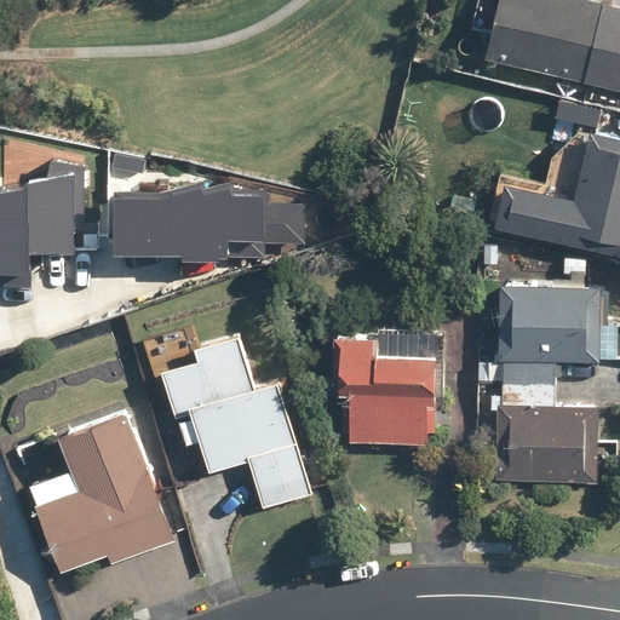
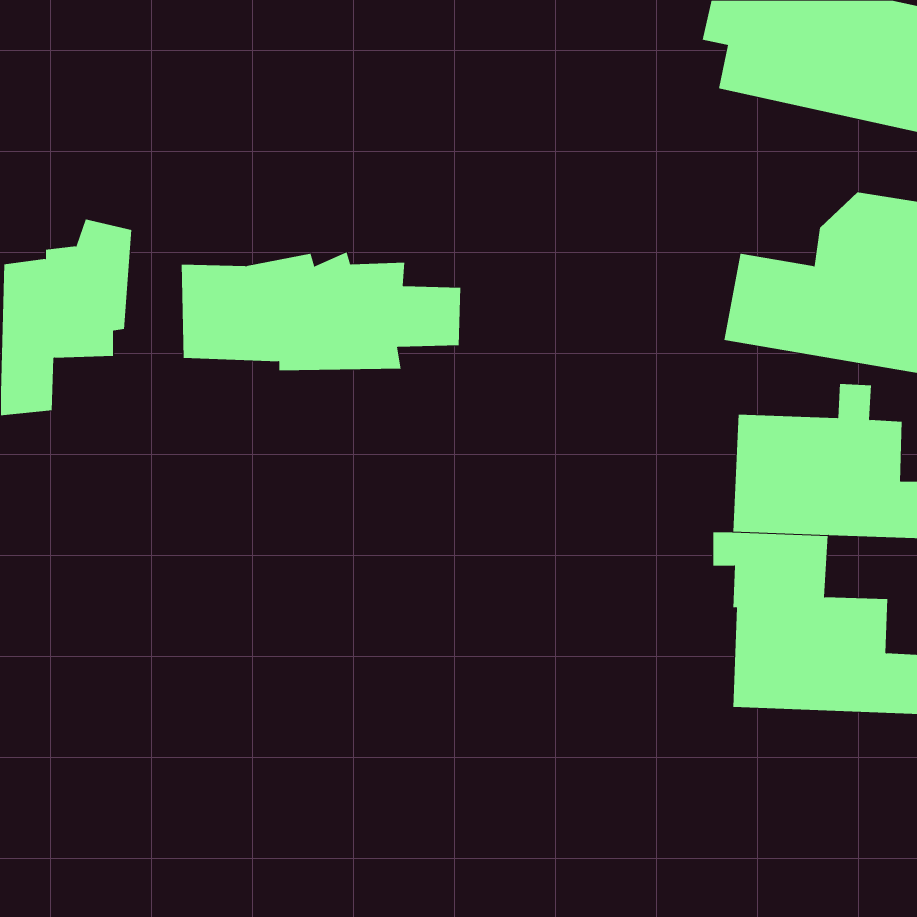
building: [328,331,440,446] -> none
building: [157,335,315,512] -> none
building: [27,413,176,576] -> none

